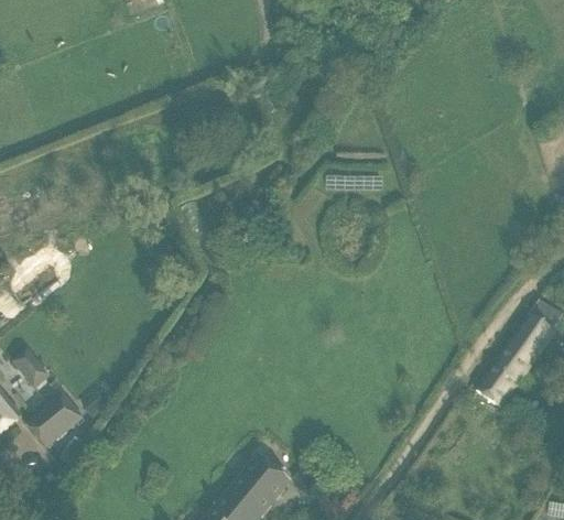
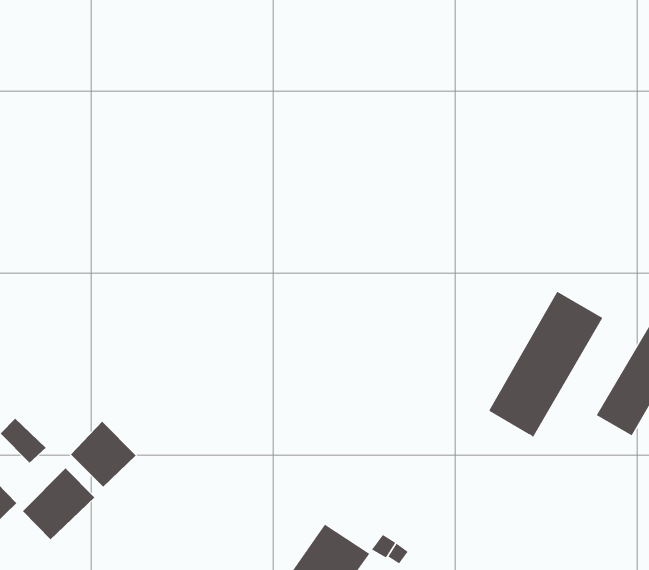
building: none -> [489,291,603,438]
building: none -> [70,421,137,487]

